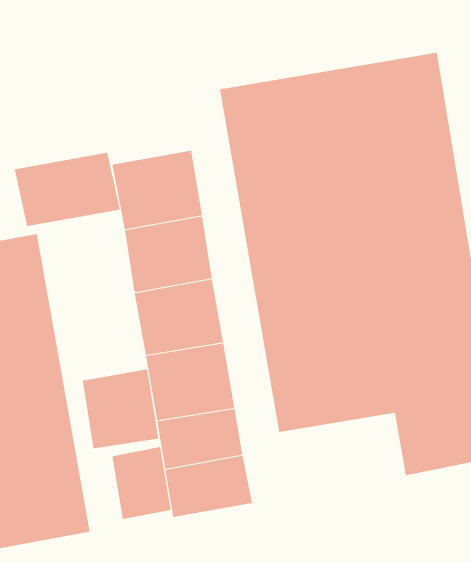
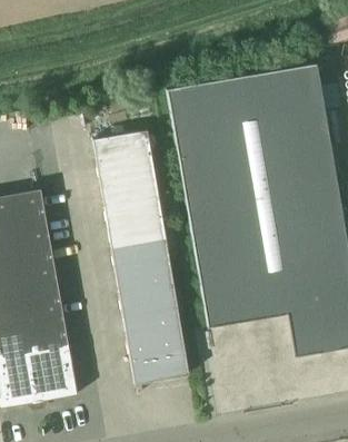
building: [14,152,120,227] -> none
building: [82,369,159,449] -> none
building: [112,446,171,520] -> none

